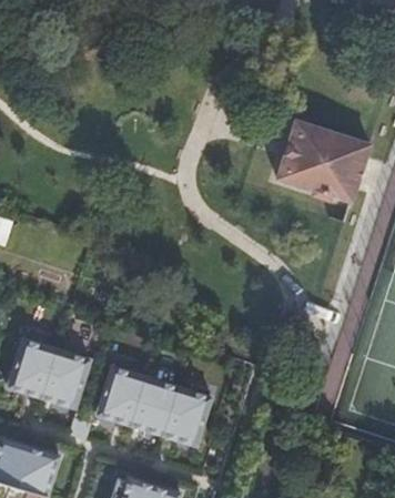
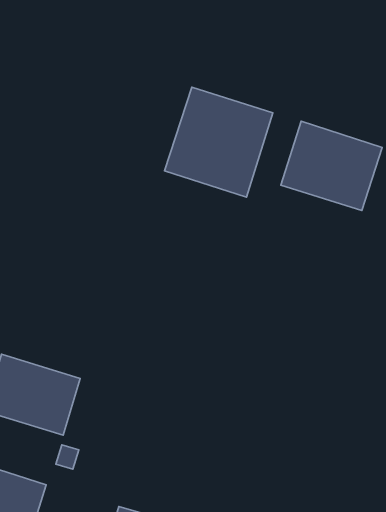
building: none -> [164,87,273,197]
building: [94,365,212,446] -> none

